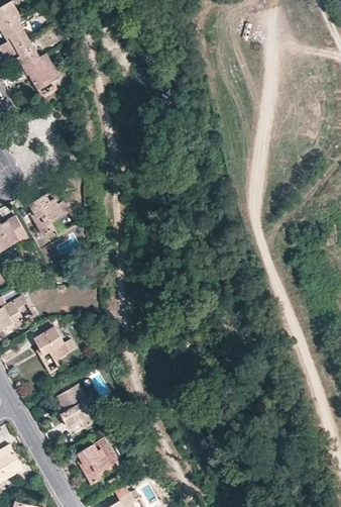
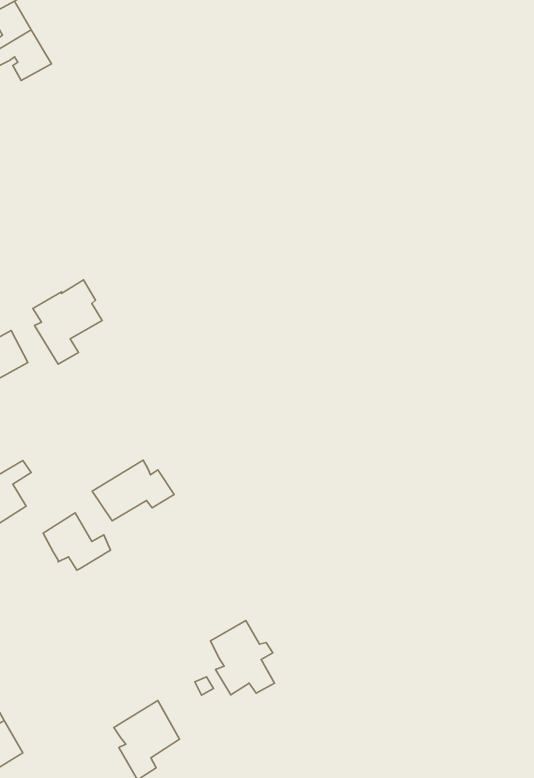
building: [21,53,59,89] -> none
building: none -> [92,460,174,521]
building: [56,384,95,428] -> [211,621,275,695]

